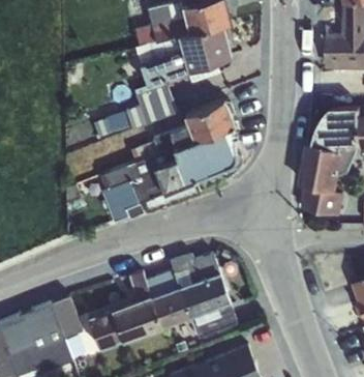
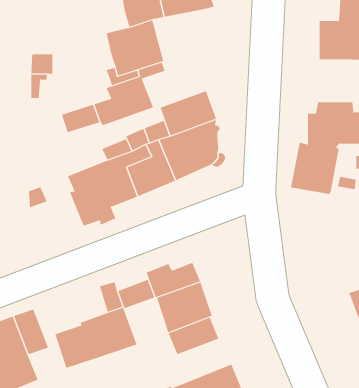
building: [175,25,231,72] -> none
building: [302,187,346,213] -> none
building: [149,286,188,327] -> none

